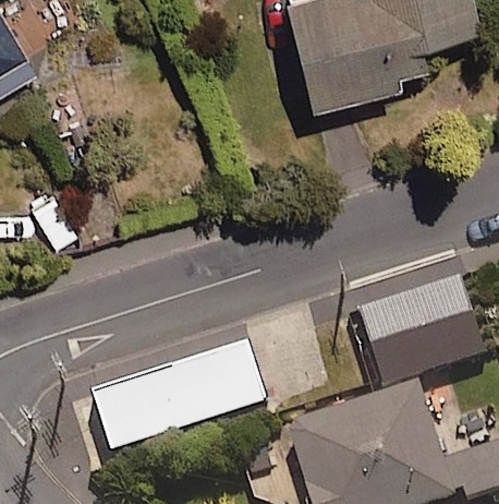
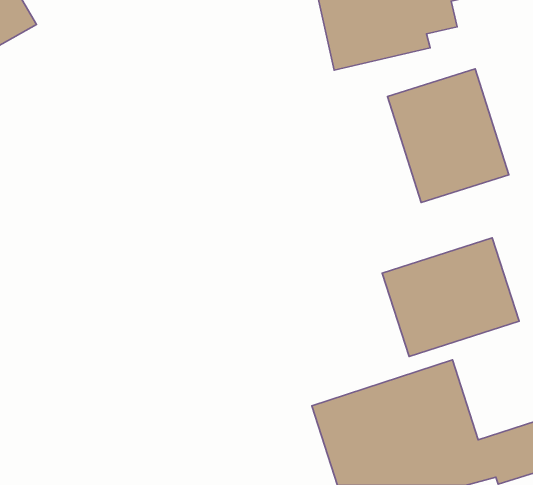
building: none -> [388,69,509,202]
building: [94,341,263,447] -> none

